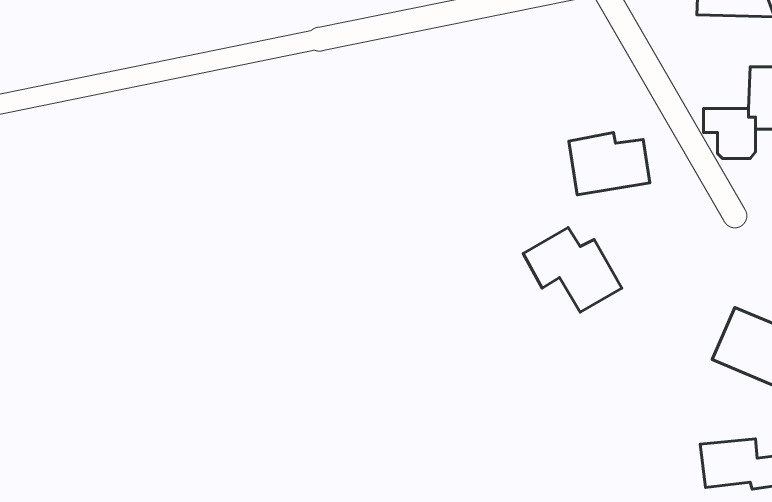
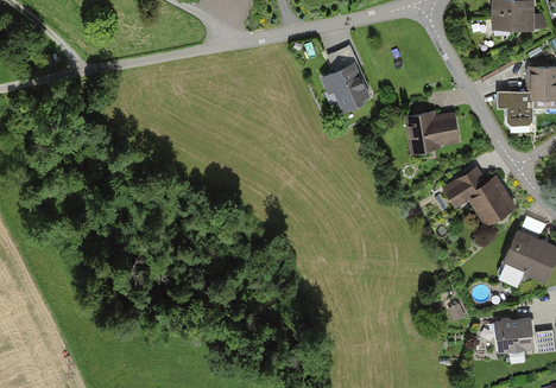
building: none -> [320,45,373,112]
building: [523,227,622,312] -> [444,167,512,225]

